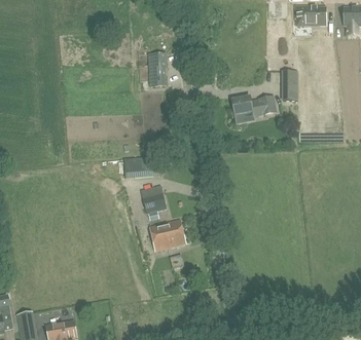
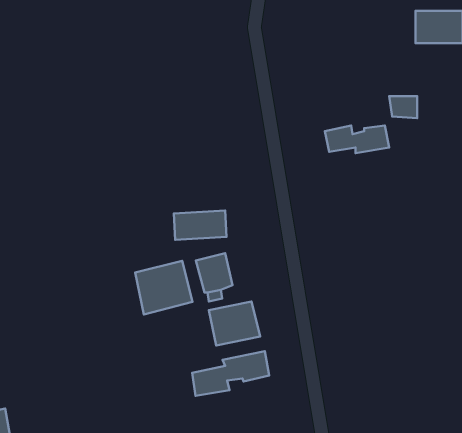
building: [149,50,168,84] -> none
building: none -> [135,261,193,314]
building: none -> [192,351,269,396]

